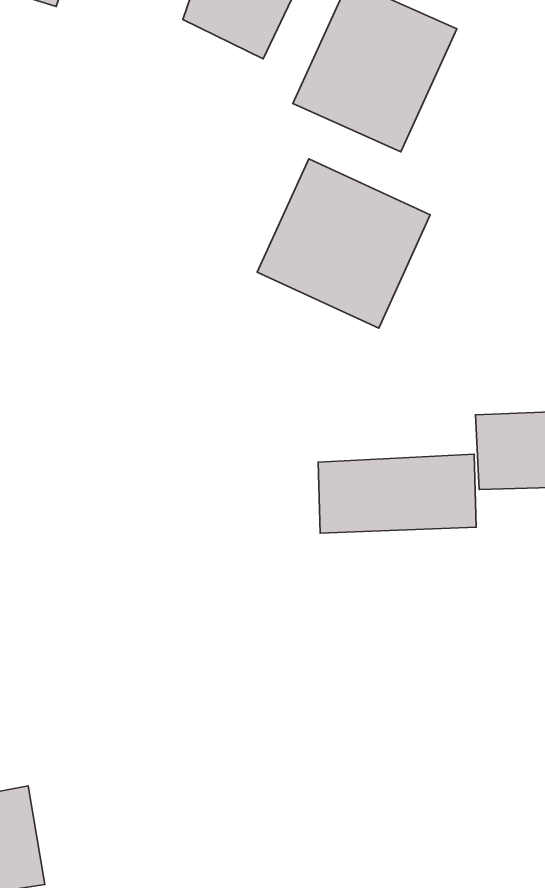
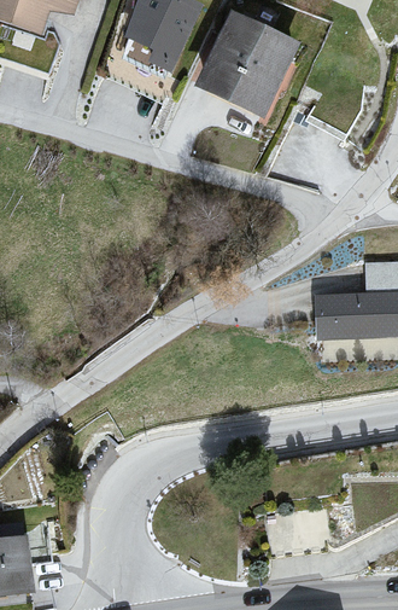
building: [257,159,430,328] -> none
building: [318,454,476,533] -> none

